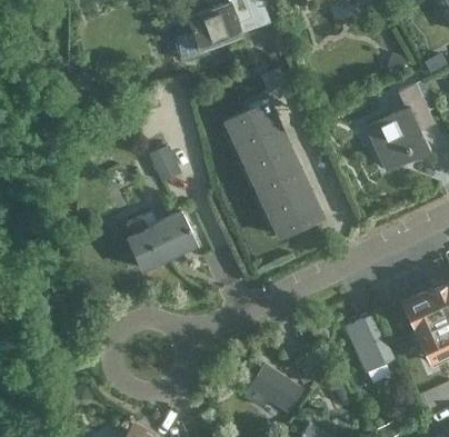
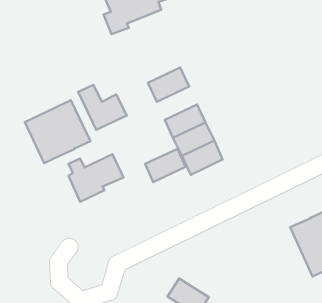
building: [368,85,428,170] -> none
building: [236,128,286,169] -> [145,149,186,182]
building: none -> [25,100,90,163]
building: [343,315,392,384] -> none

